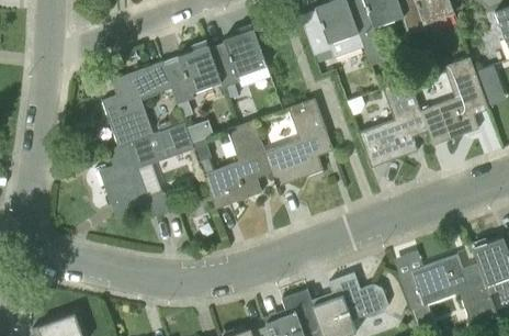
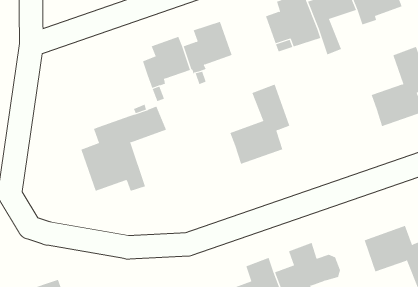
building: [102,61,172,145] -> none
building: [359,79,425,167] -> none
building: [202,121,269,209] -> none

